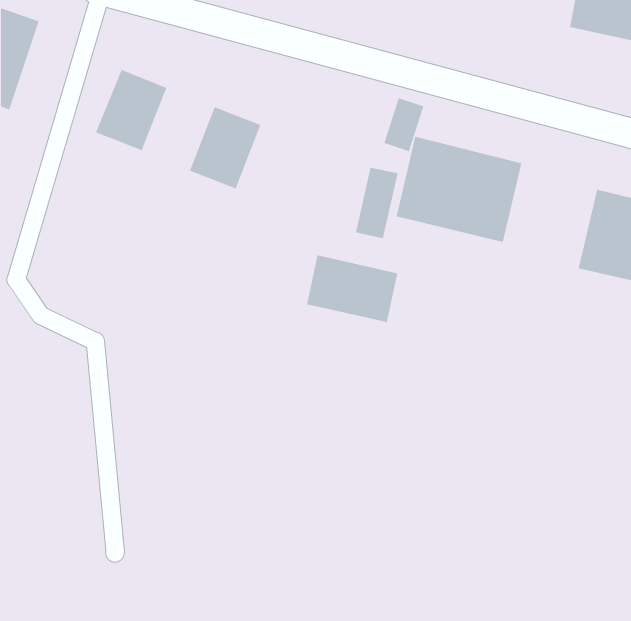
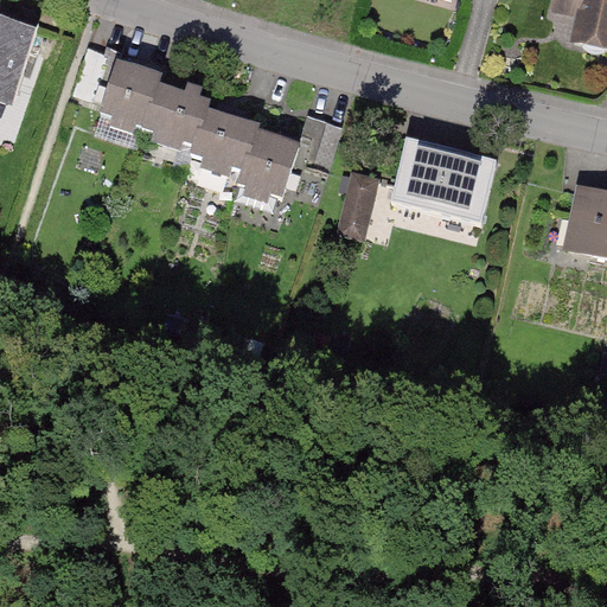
building: none -> [138,84,206,164]
building: [383,98,424,152] -> [306,109,345,161]
building: none -> [228,120,296,199]
building: [306,254,398,323] -> none

